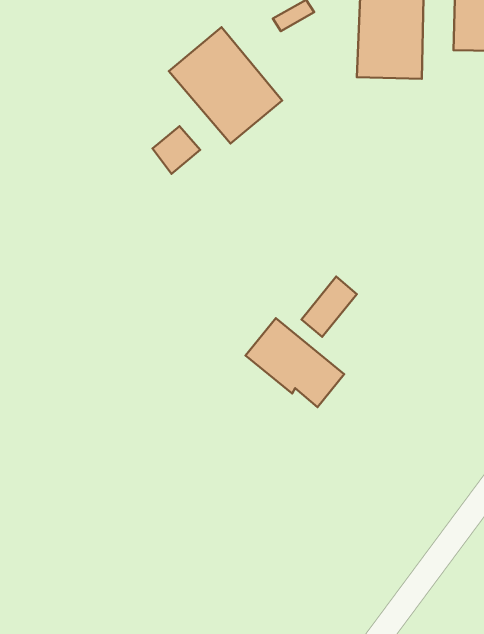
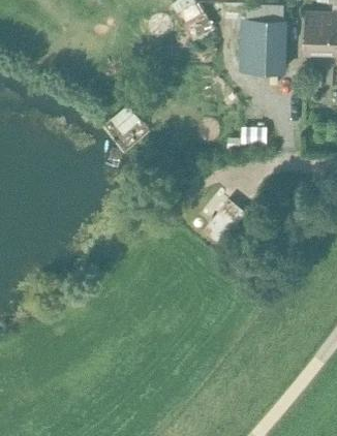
building: [169,27,282,143] -> none
building: [246,318,344,407] -> none

